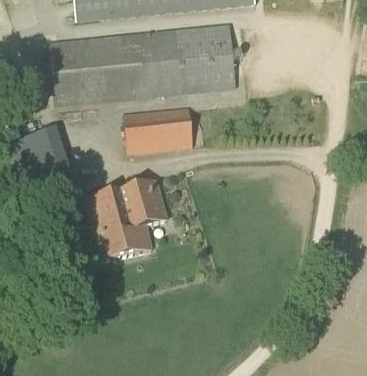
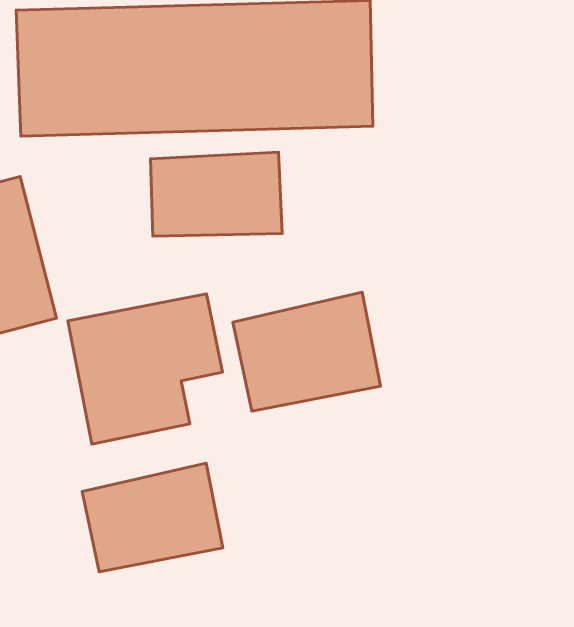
building: none -> [233,292,380,411]
building: none -> [82,463,223,572]

